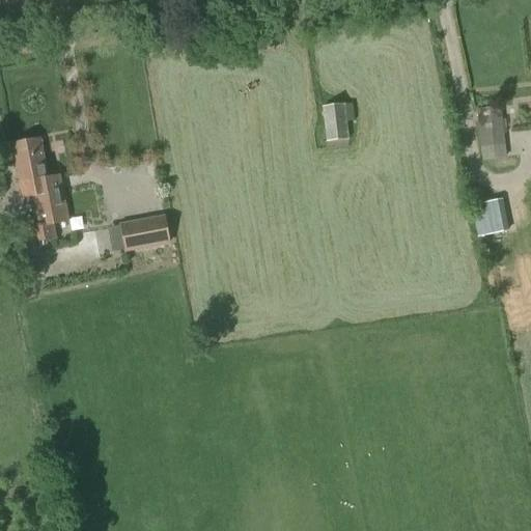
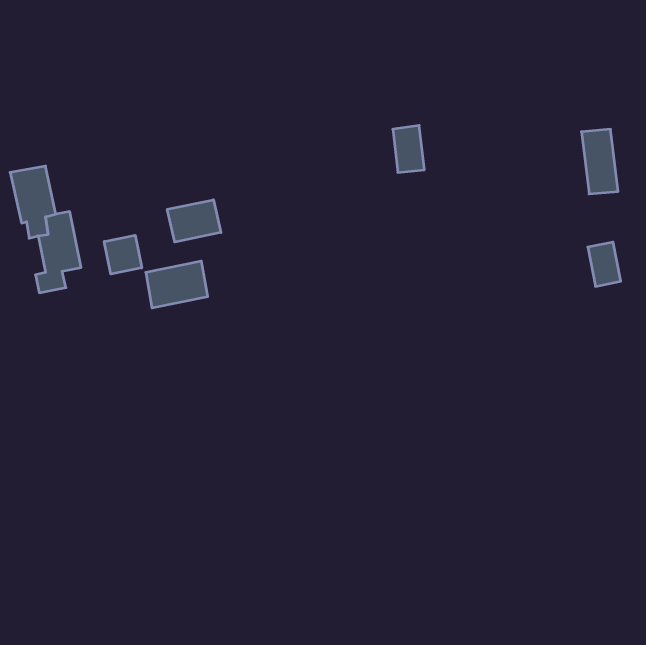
building: none -> [167,200,221,242]
building: none -> [104,235,142,274]

